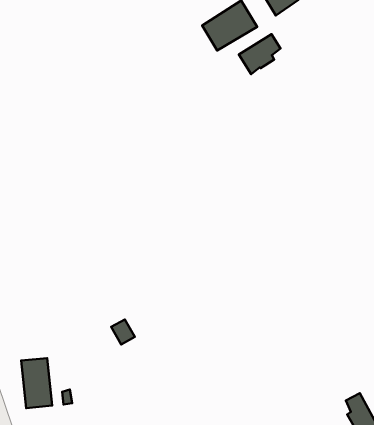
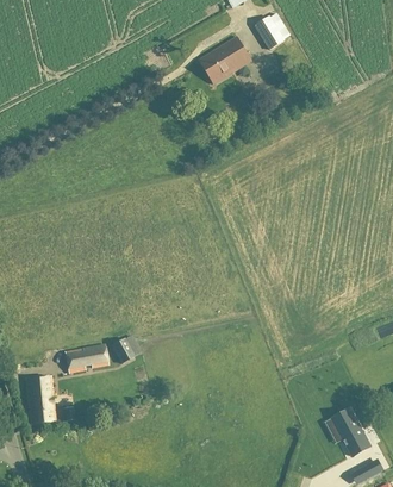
building: [239,34,280,74] -> none
building: none -> [64,342,108,372]

